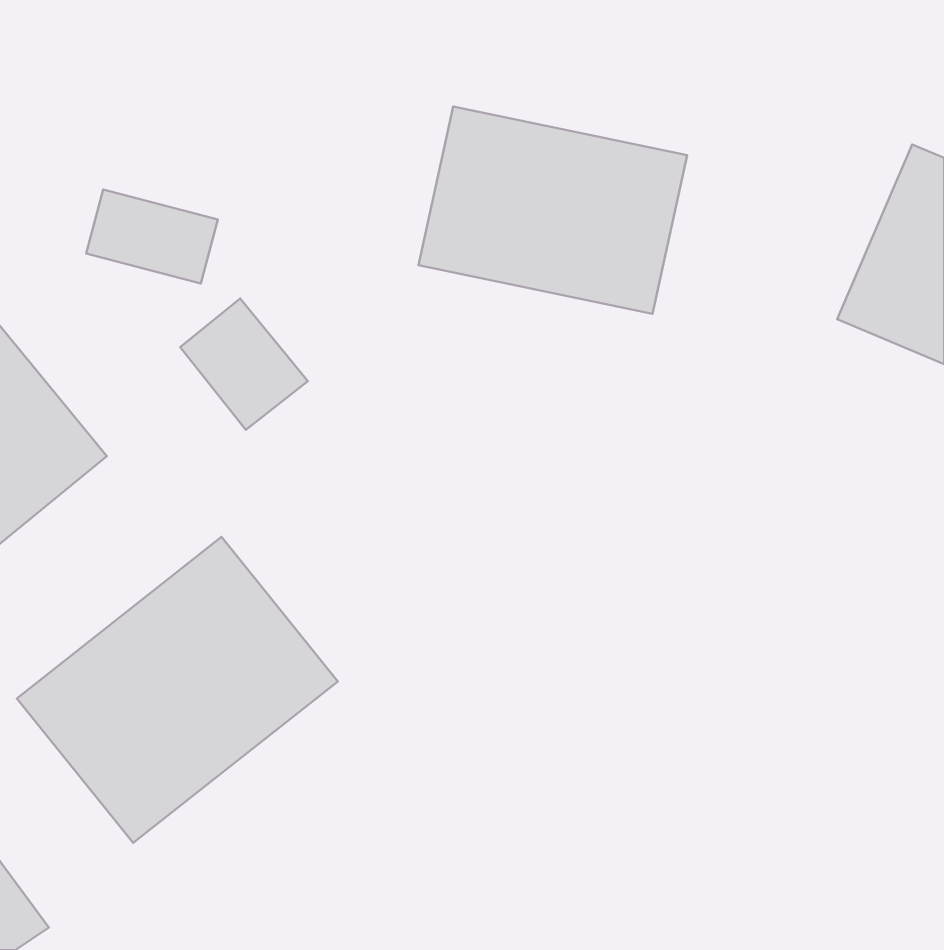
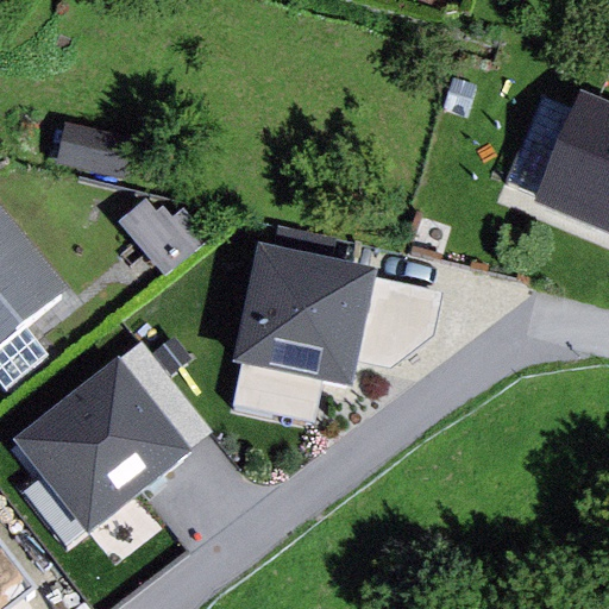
building: [419,106,687,314] -> none
building: none -> [228,246,373,389]

